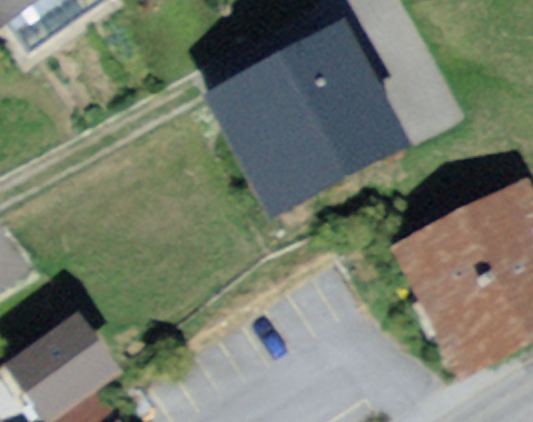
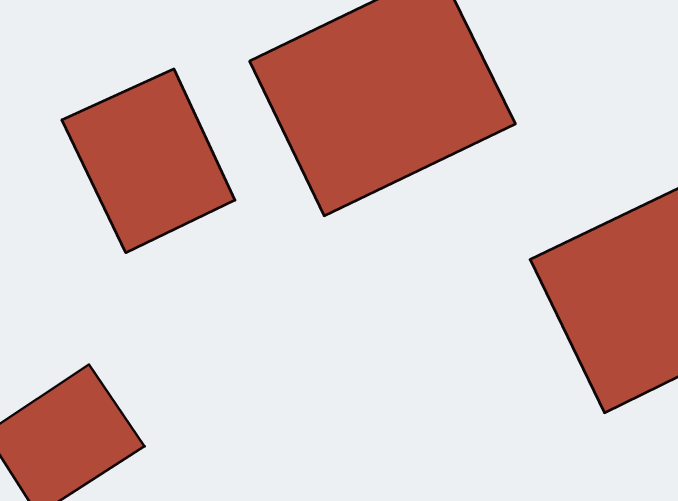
building: none -> [62,69,235,253]

